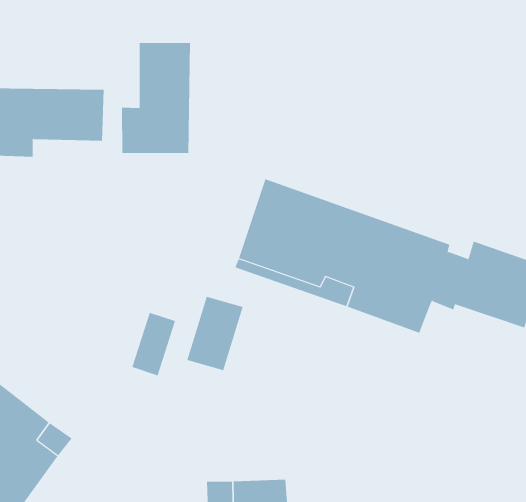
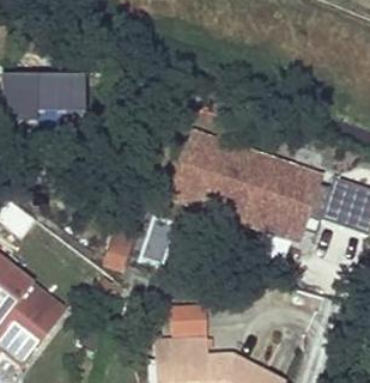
building: [121,42,191,154] -> none
building: none -> [171,305,208,336]

